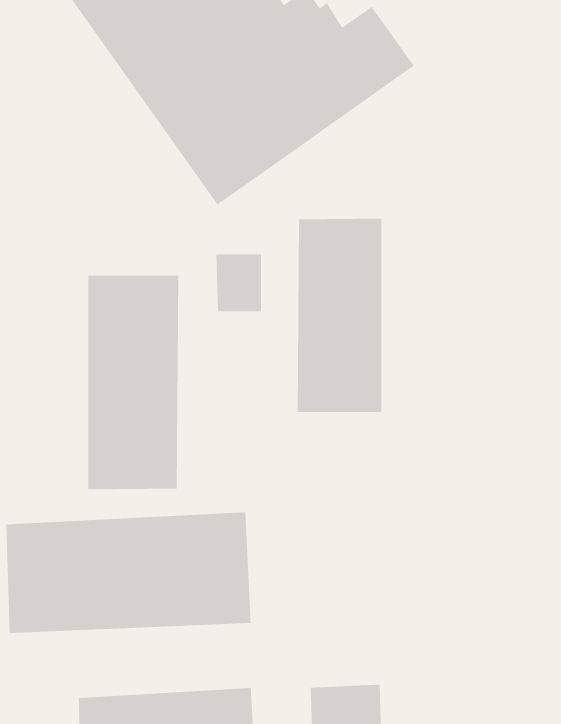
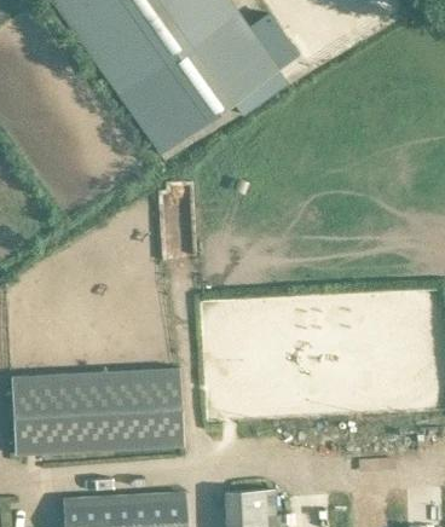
building: [297,218,382,413] -> none
building: [88,275,179,490] -> none

